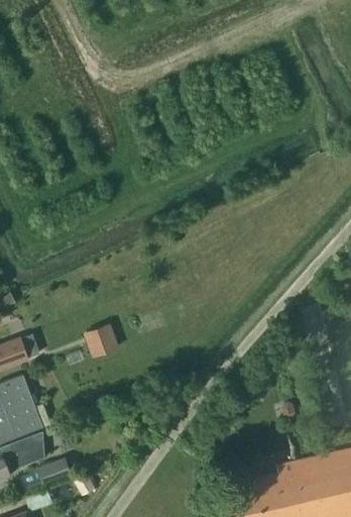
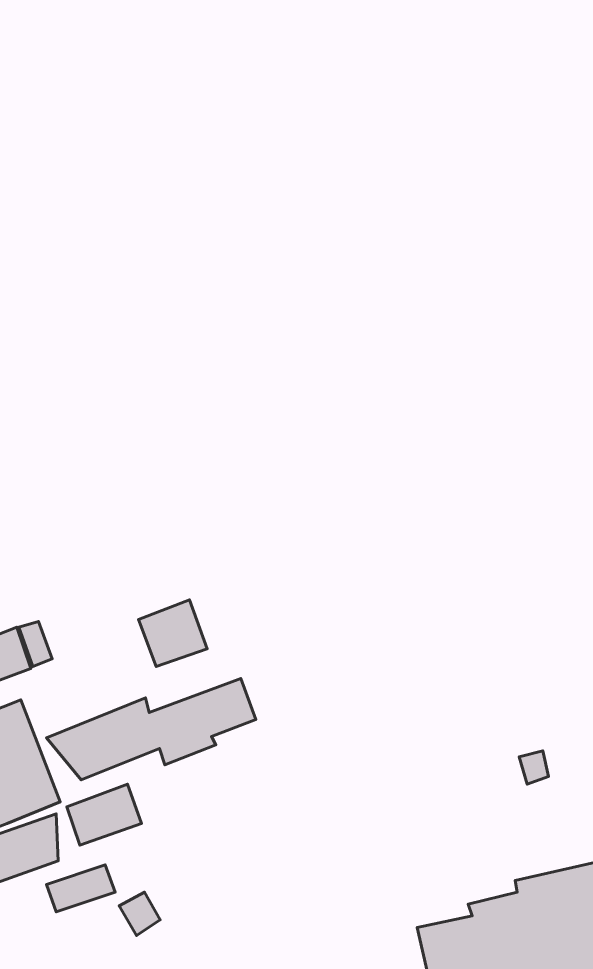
building: none -> [47,678,256,780]
building: none -> [67,784,142,845]

